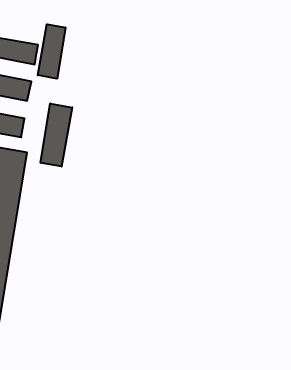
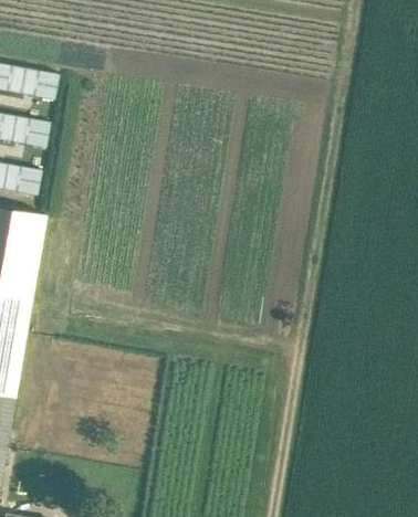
building: [38,24,65,79] -> none
building: [41,103,72,167] -> none

